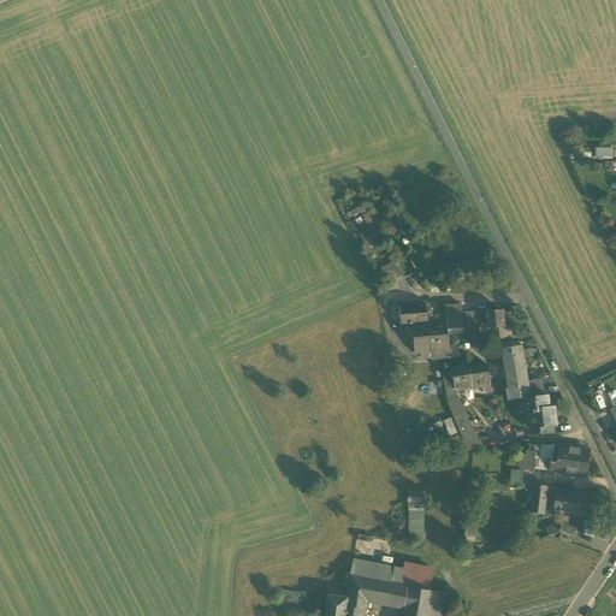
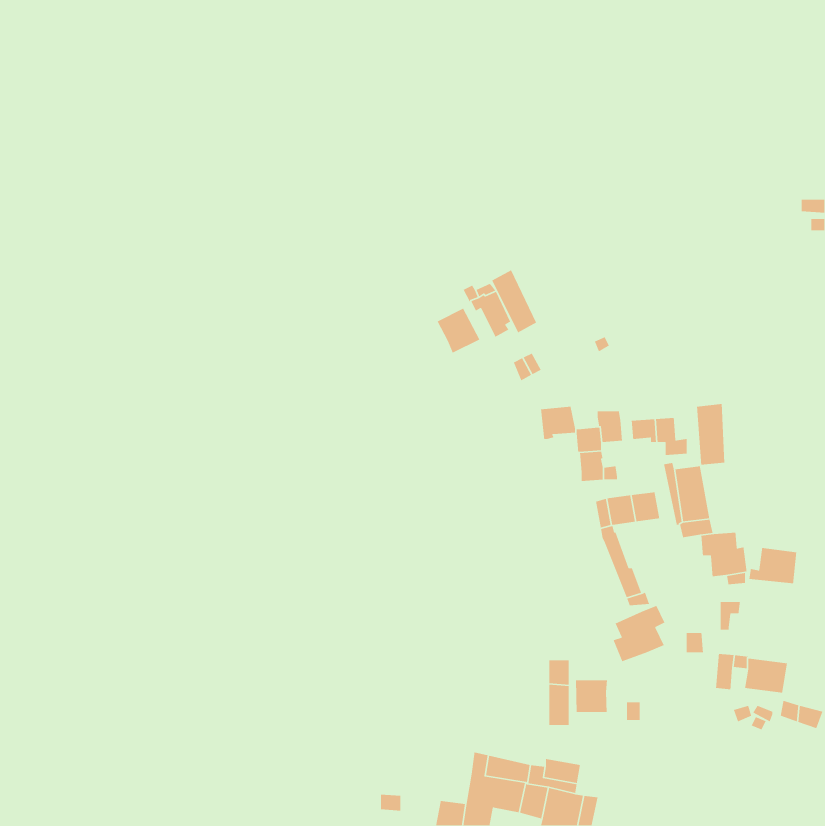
building: none -> [491,269,537,333]
building: none -> [436,308,480,354]
building: none -> [696,403,725,466]
building: [413,322,433,359] -> none
building: [552,448,588,475] -> [749,547,797,584]
building: none -> [613,605,665,663]
building: none -> [575,679,608,713]

